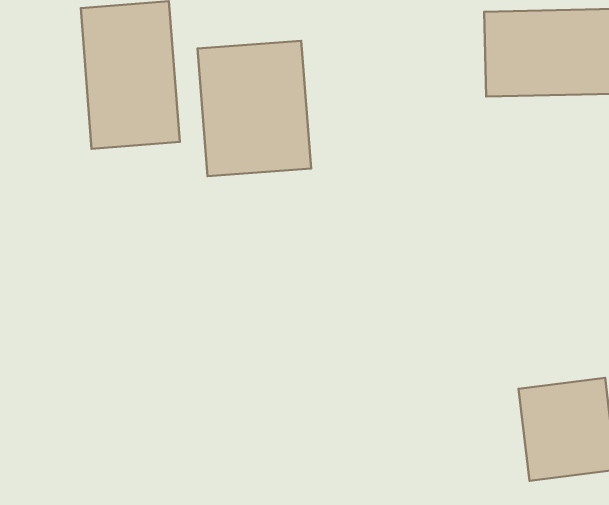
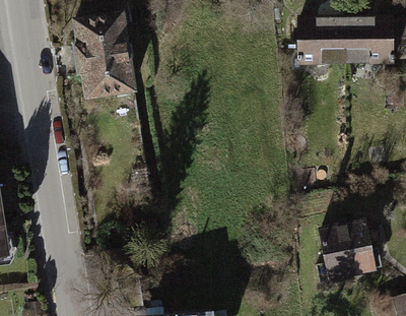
building: [198,41,311,176] -> none

